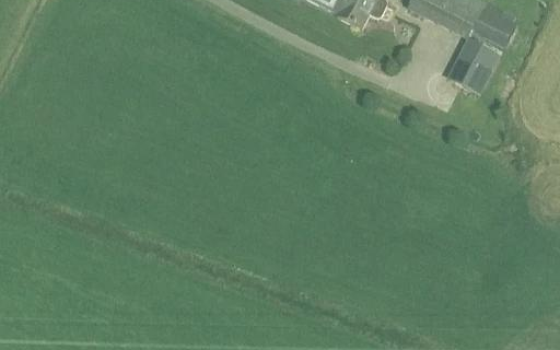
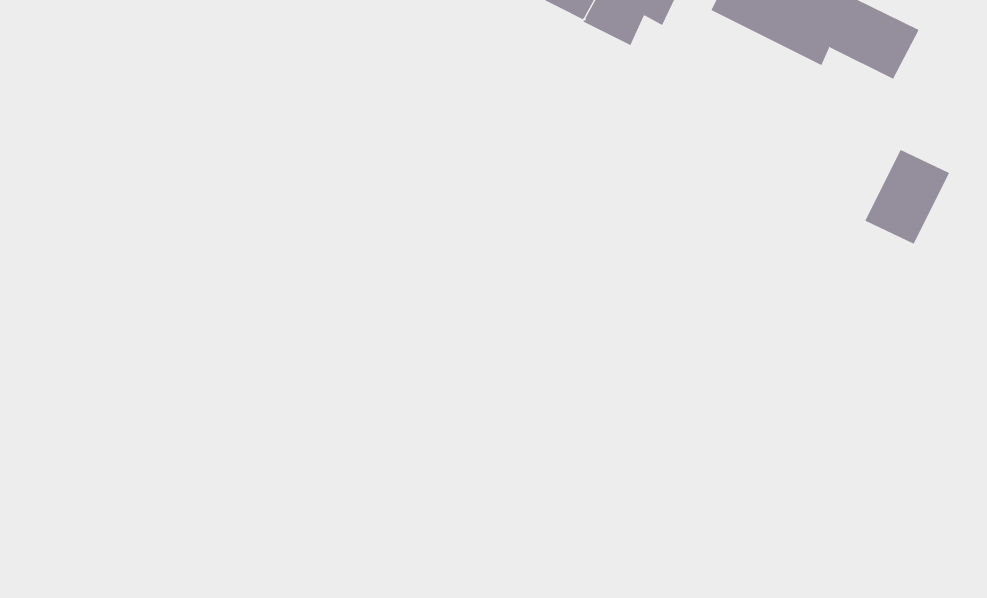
building: [450,39,497,92] -> [864,149,950,245]

